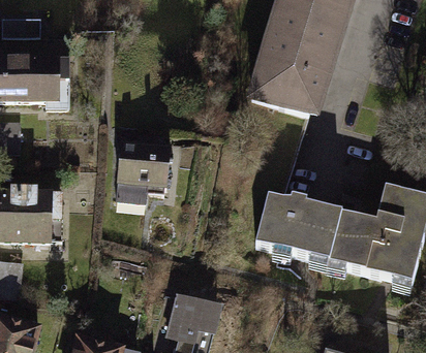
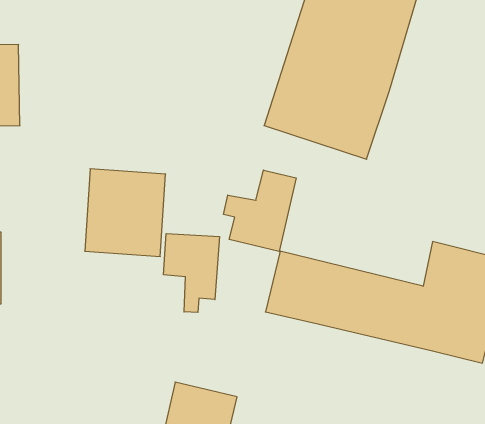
building: none -> [224,170,296,252]
building: none -> [164,234,219,312]

